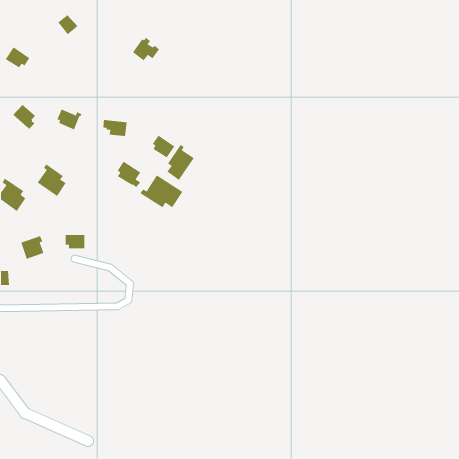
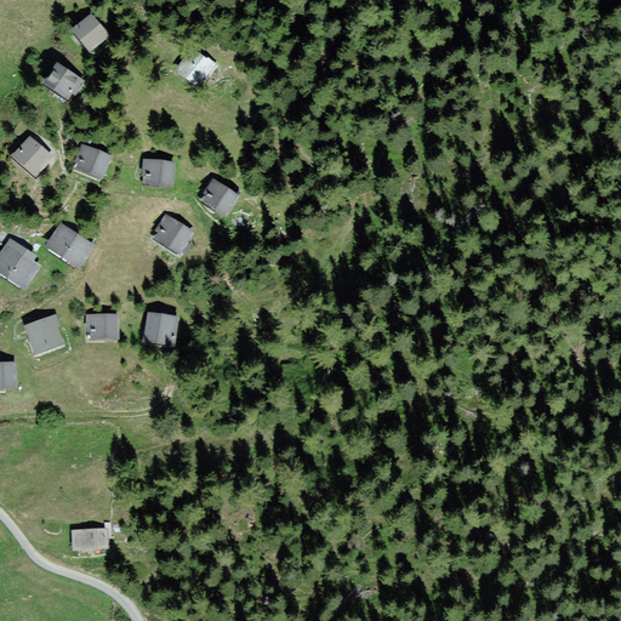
building: [5,47,30,68] -> [47,67,81,96]
building: [167,144,194,181] -> none
building: [139,174,183,208] -> none
building: none -> [143,312,175,343]
building: none -> [72,530,108,549]

